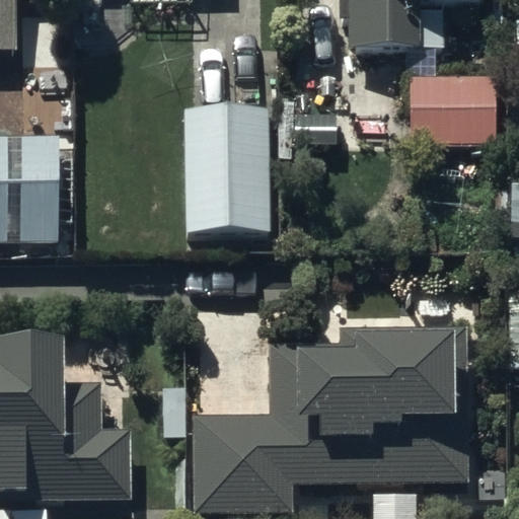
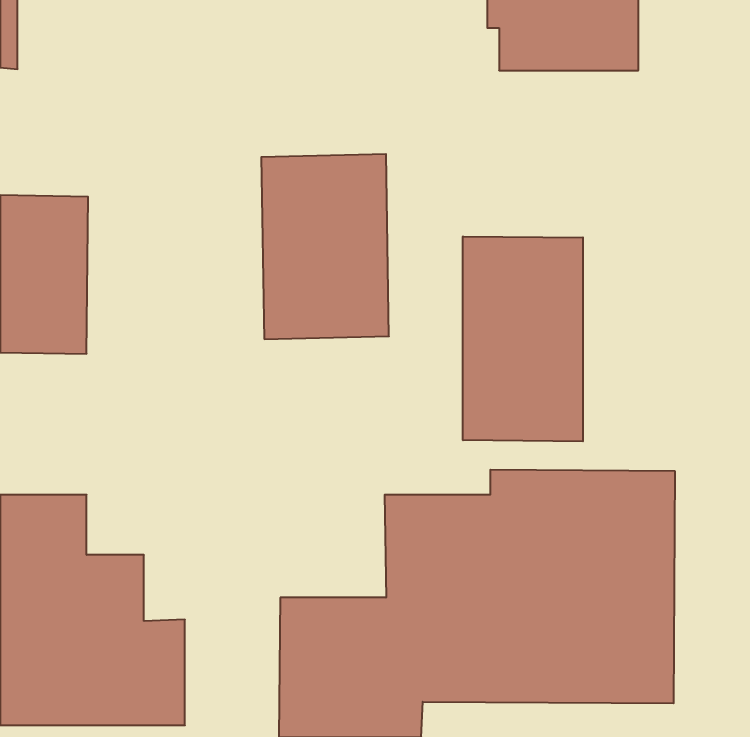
building: [406,74,495,157] -> none
building: none -> [463,236,583,441]

